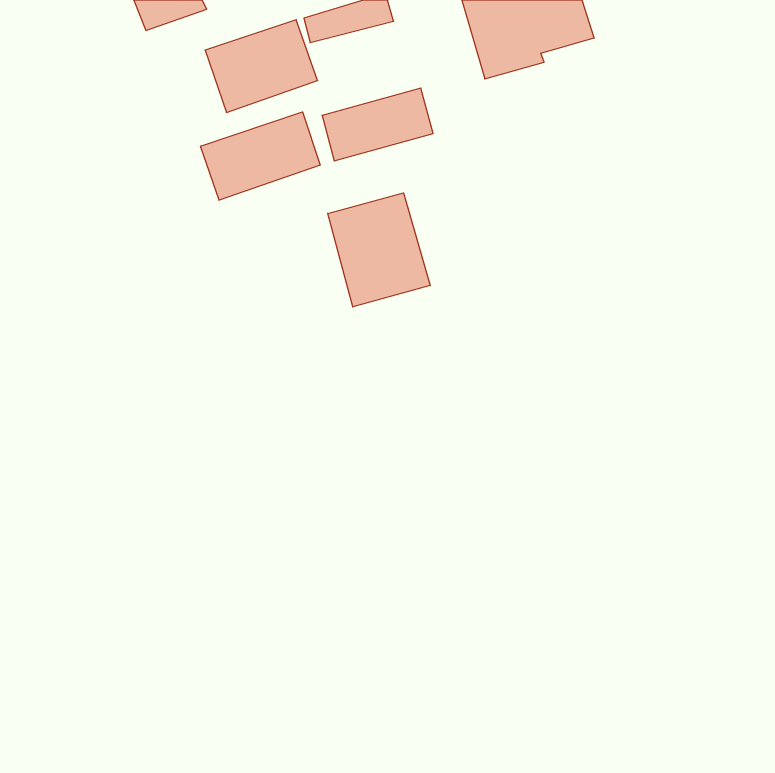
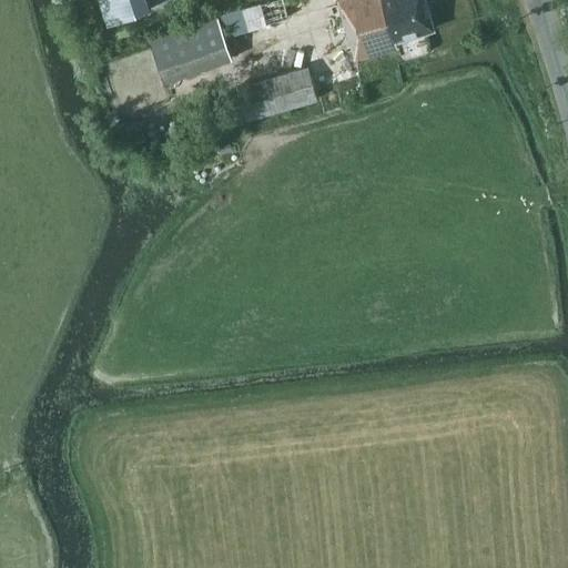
building: [201,112,320,200] -> none
building: [328,193,430,307] -> none

